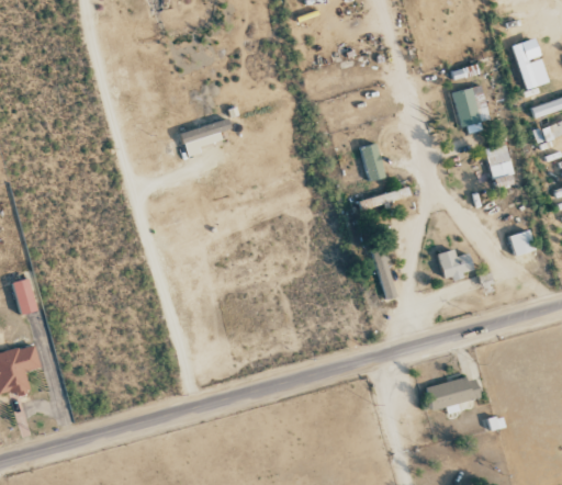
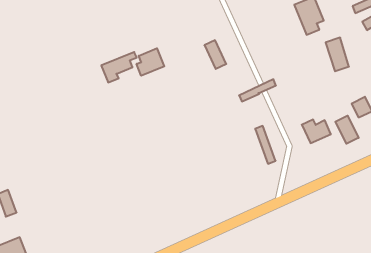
building: none -> [137,48,164,76]
building: [360,143,385,181] -> [204,40,226,69]
building: none -> [335,116,359,144]
building: [426,377,479,408] -> none

